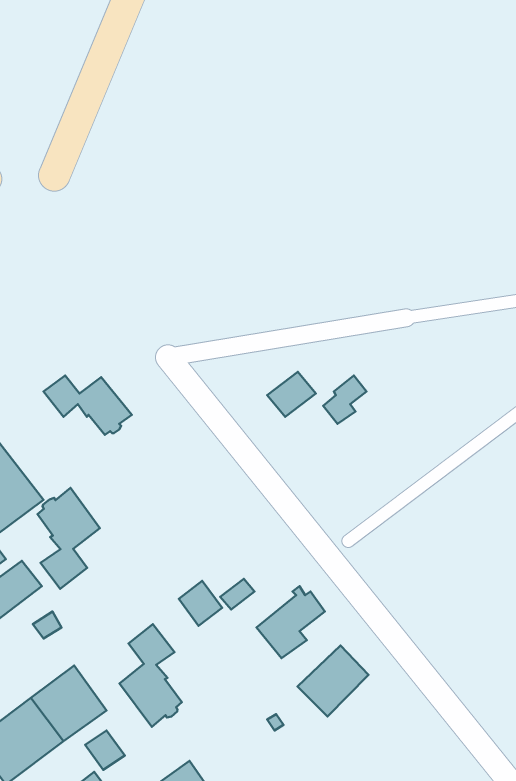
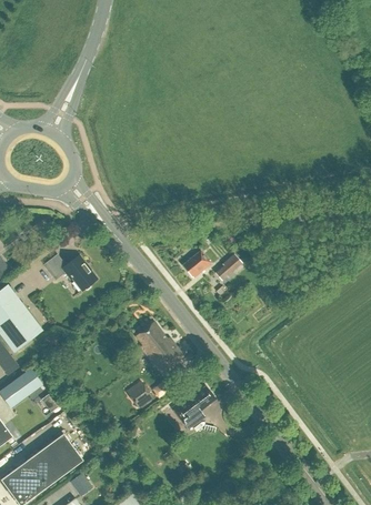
building: none -> [138,322,185,374]
building: [37,488,100,589] -> none
building: [119,624,182,727] -> none
building: [298,645,368,716] -> none

